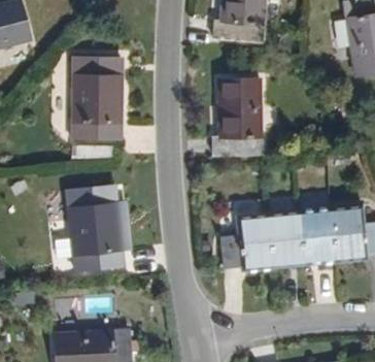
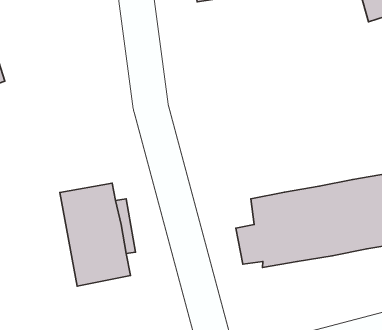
building: [76,69,128,152] -> none
building: [207,72,260,150] -> none

